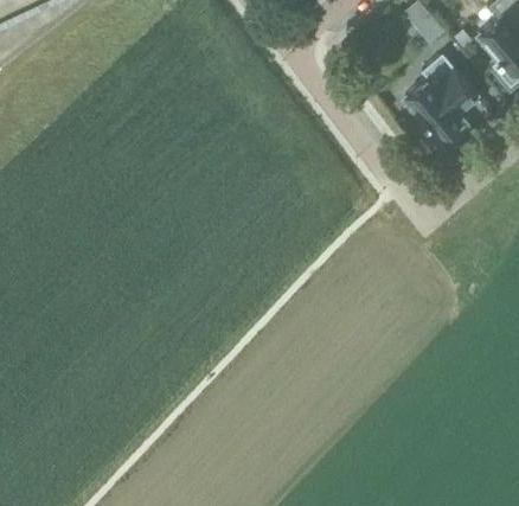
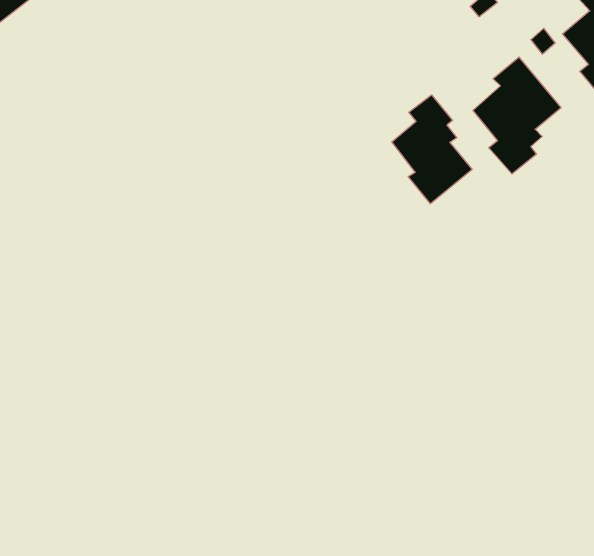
building: none -> [392,95,472,204]

